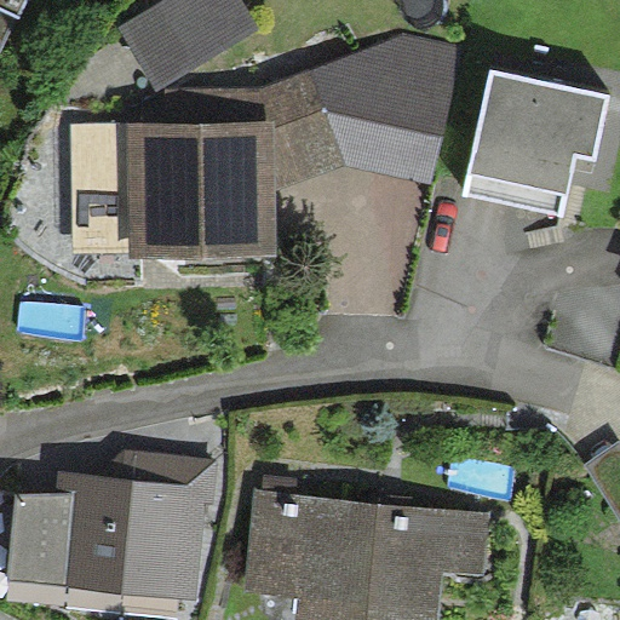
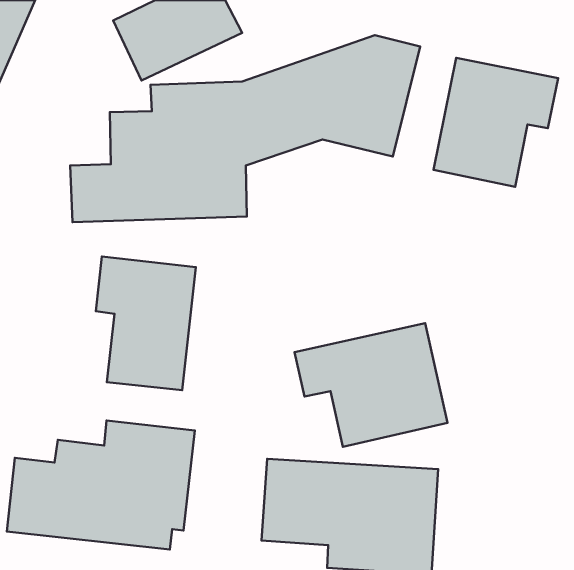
building: none -> [96,256,196,390]
building: none -> [295,323,447,447]

